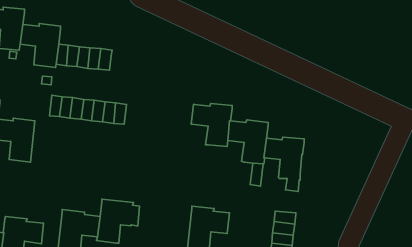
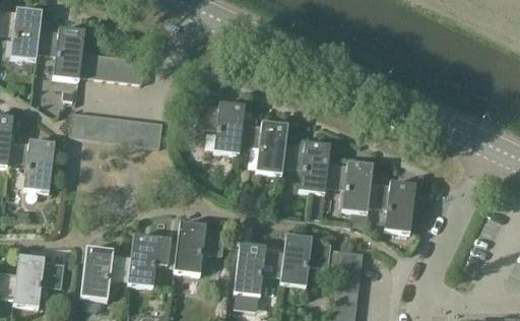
building: none -> [196,103,245,154]
building: none -> [368,182,415,234]
building: none -> [175,222,224,274]
building: none -> [280,236,331,287]

